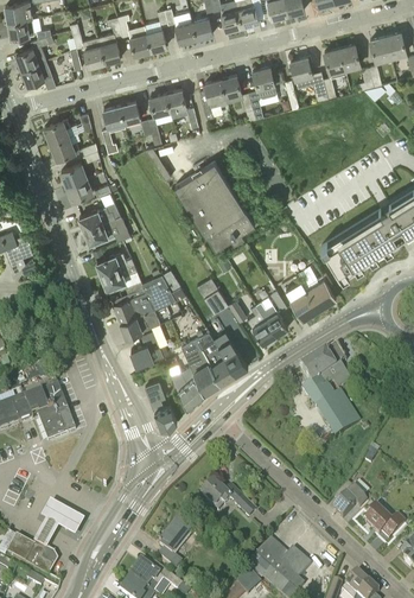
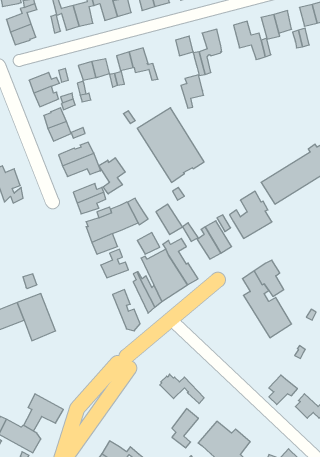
building: [199,78,227,119] -> [181,75,204,108]
building: none -> [99,158,125,194]
building: [160,521,192,568] -> [172,409,198,448]

